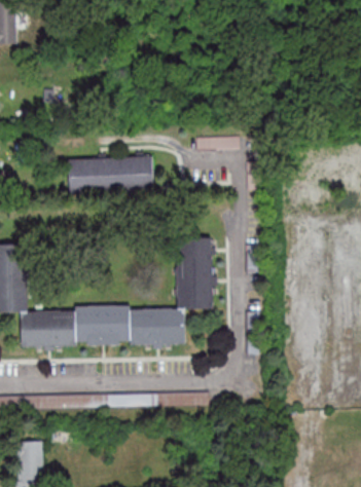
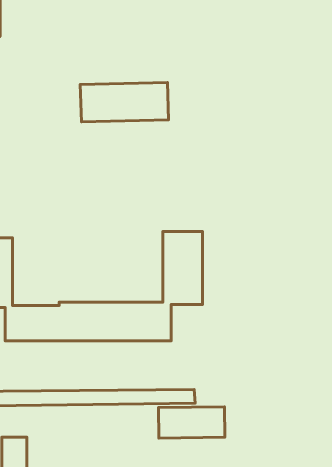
building: [66,155,153,194] -> [80,82,169,122]
building: none -> [159,407,225,438]

